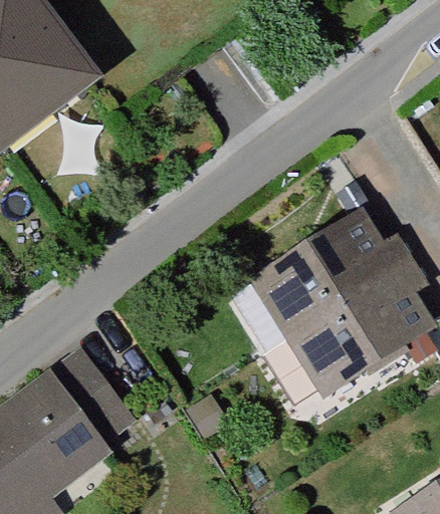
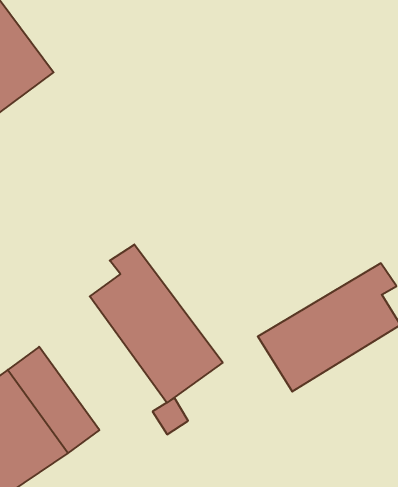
building: [254,215,409,337] -> none
building: none -> [90,244,223,403]

